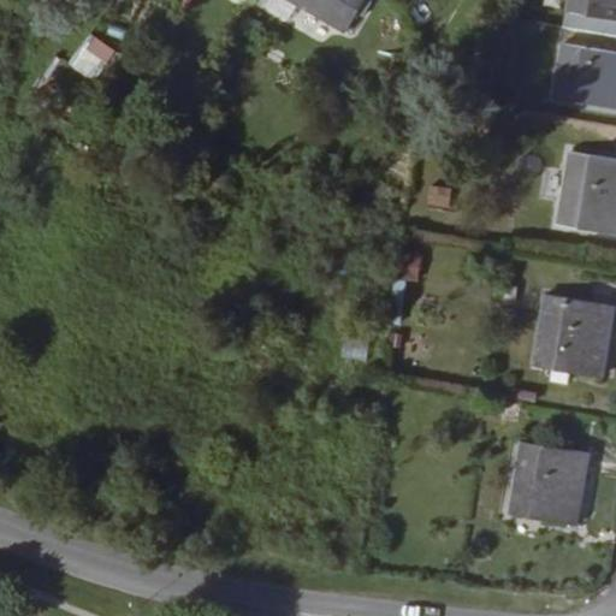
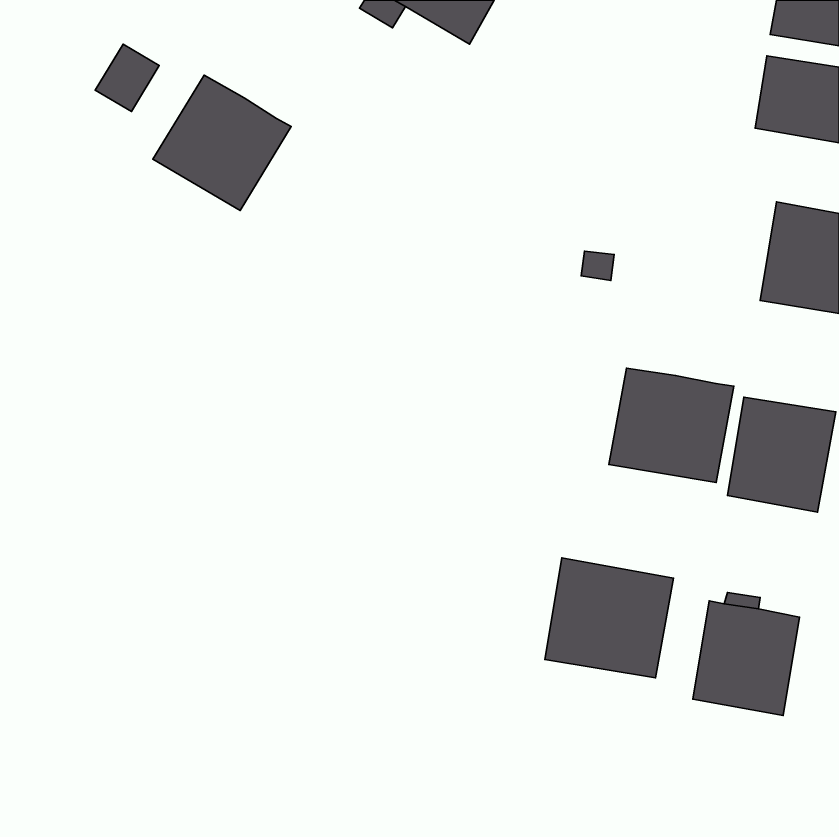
building: none -> [153,75,291,211]
building: none -> [609,368,734,482]
building: none -> [545,558,674,678]

